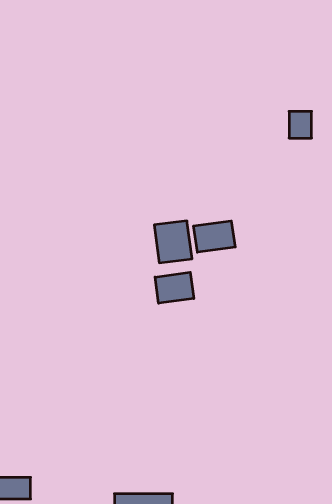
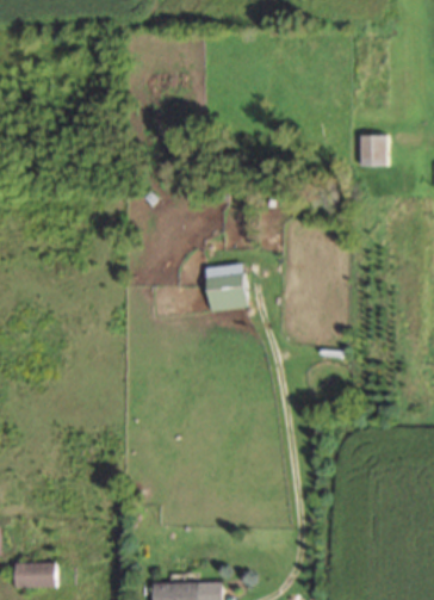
building: [194,221,235,252] -> none
building: [155,272,194,303] -> none

